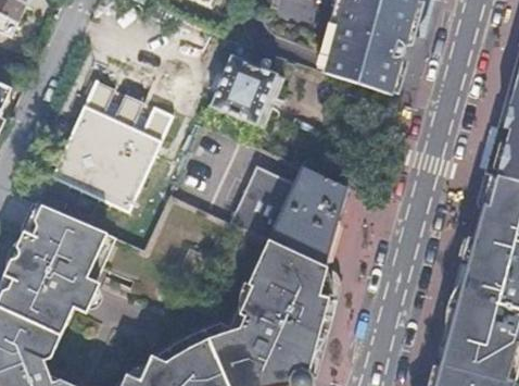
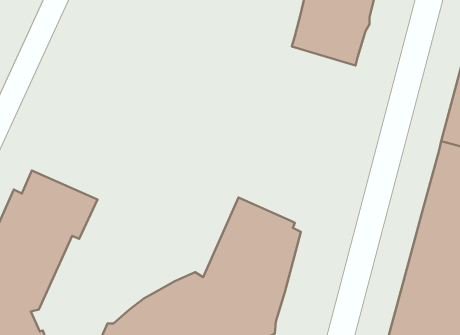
building: [214,57,277,125] -> none
building: [54,78,175,211] -> none
building: [233,162,350,260] -> none

